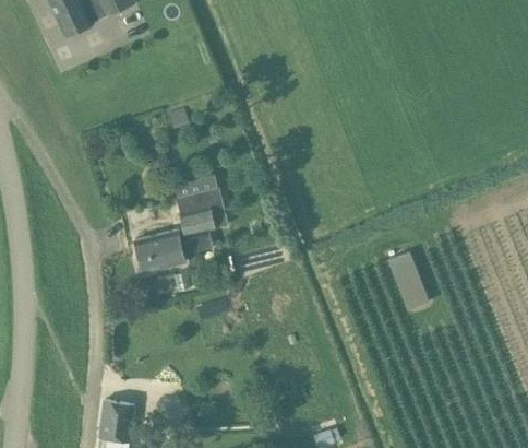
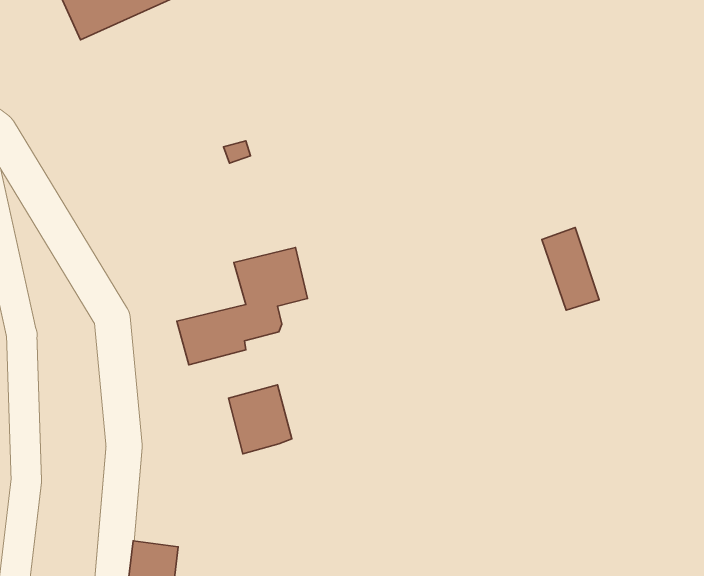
building: [389,248,431,308] -> [542,228,599,310]
building: none -> [228,385,292,454]

